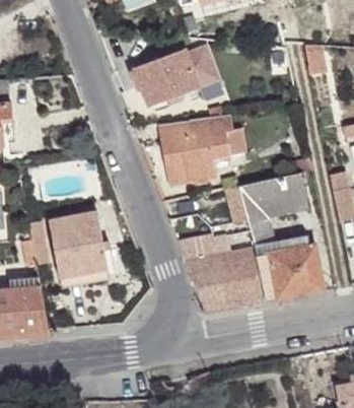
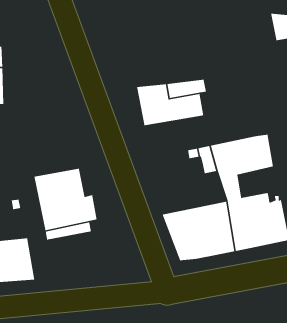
building: [133,46,217,106] -> none
building: [165,157,217,186] -> none

